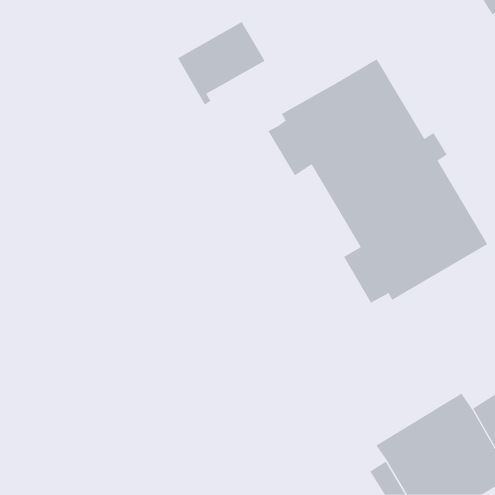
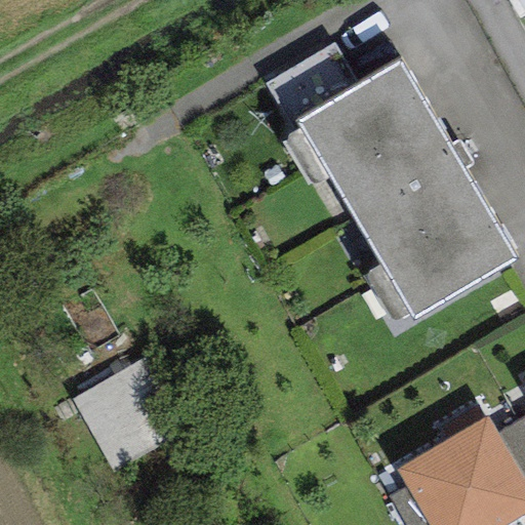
building: [177,21,266,106] -> [267,43,360,132]
building: none -> [79,362,176,466]

